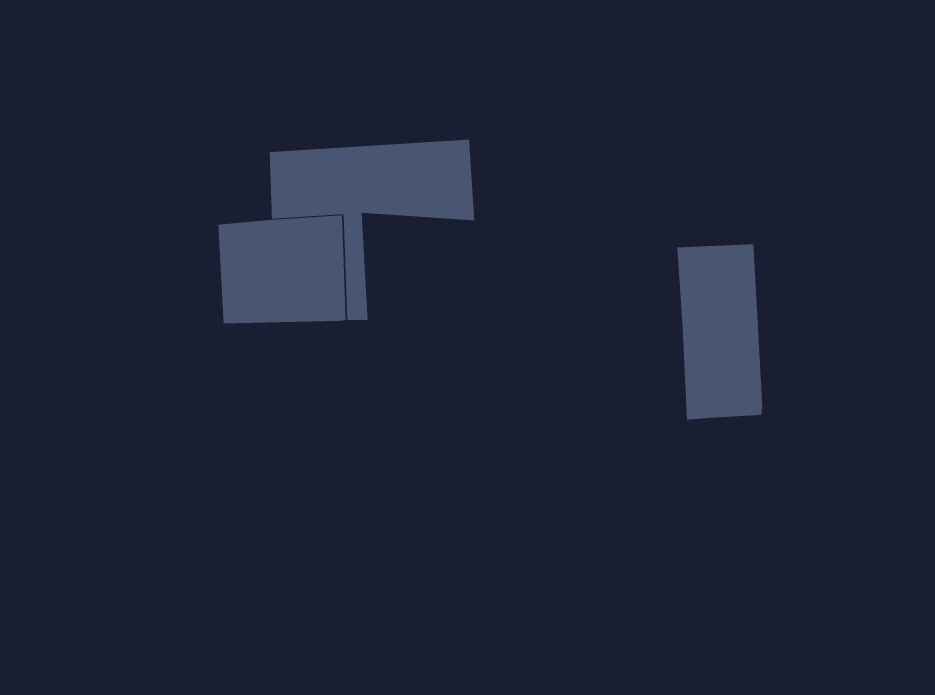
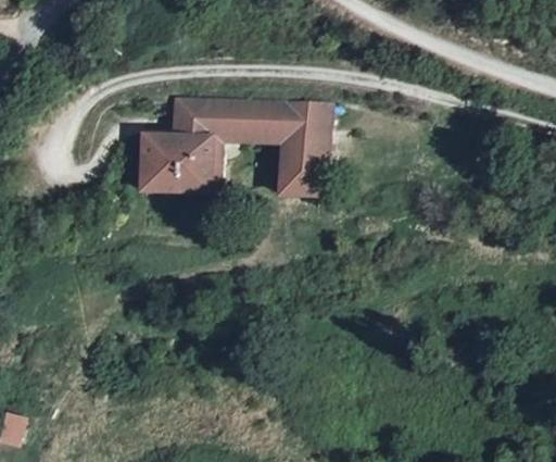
building: [676,244,763,420] -> [280,101,326,197]

